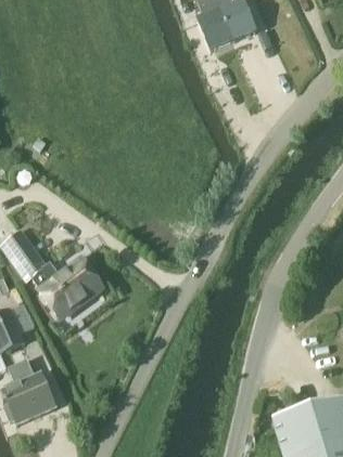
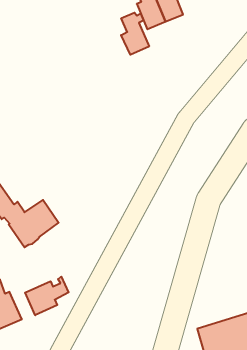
building: none -> [121,13,149,55]
building: none -> [25,277,69,315]

